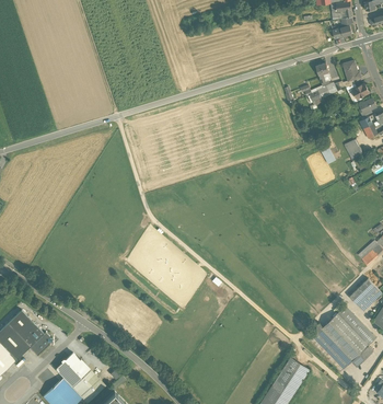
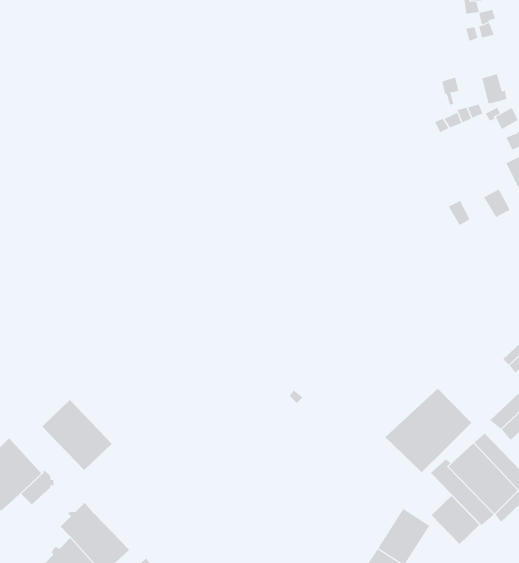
building: none -> [385,388,472,474]
building: none -> [42,399,112,471]
building: none -> [431,495,480,545]

